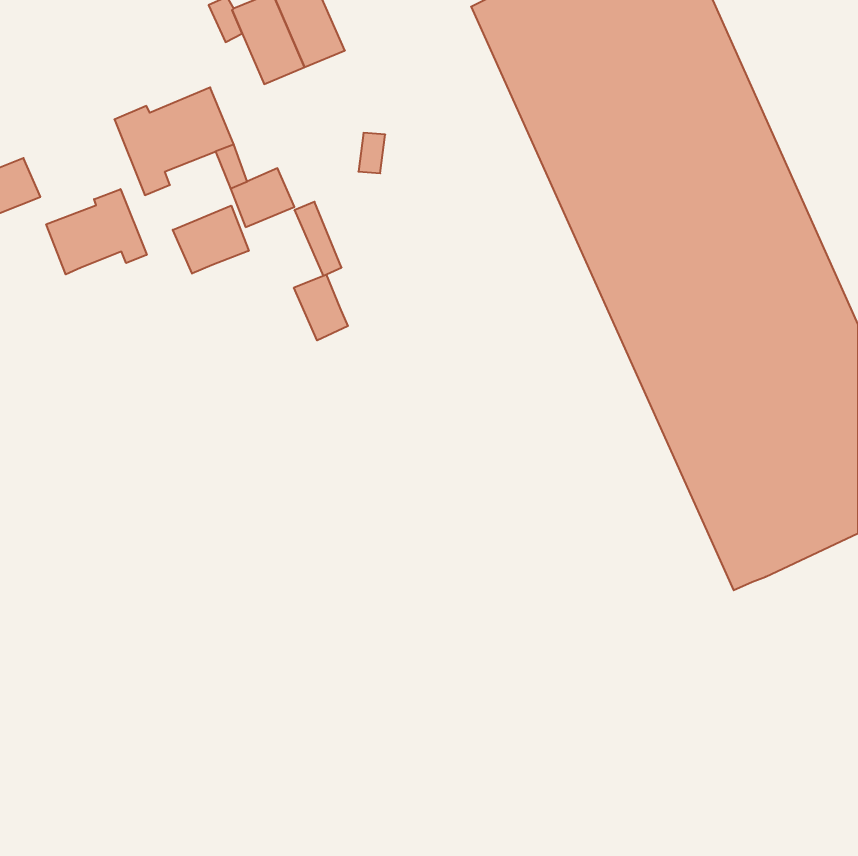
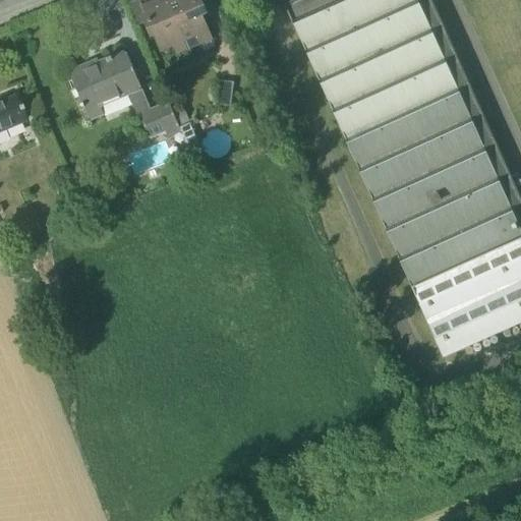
building: [46,189,147,274] -> none
building: [173,206,249,274] -> none
building: [294,275,348,340] -> none

